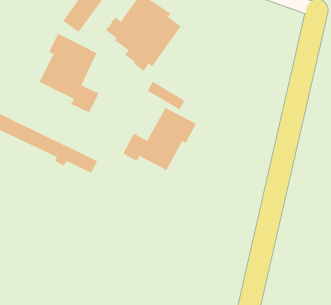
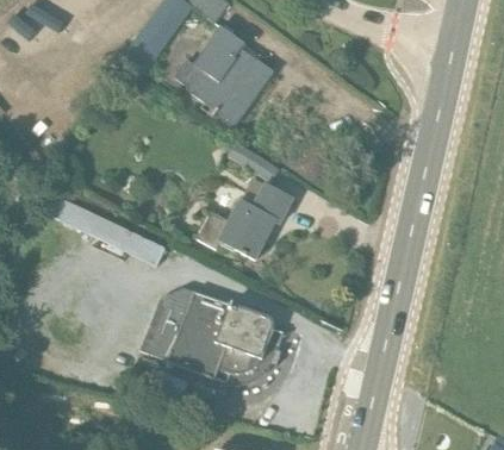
building: [39,33,99,113] -> none
building: none -> [141,287,282,383]

